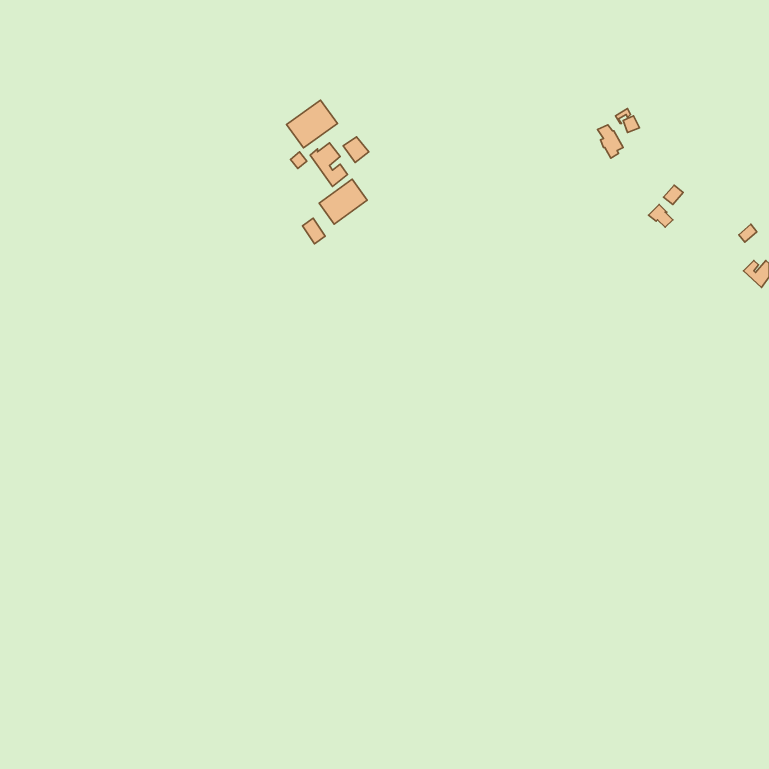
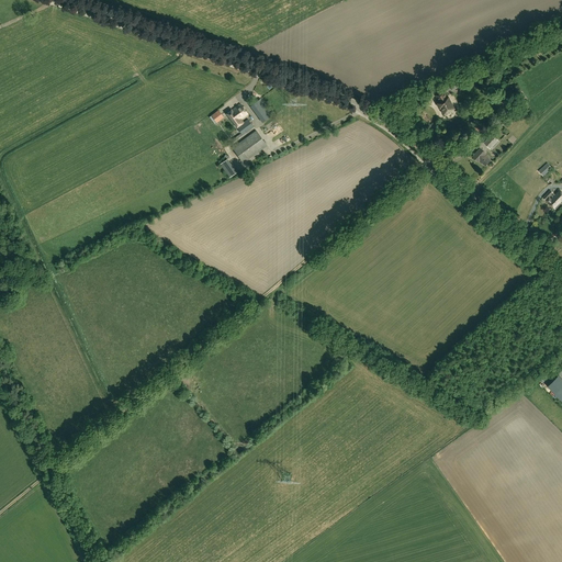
building: [286,100,338,148] -> none

